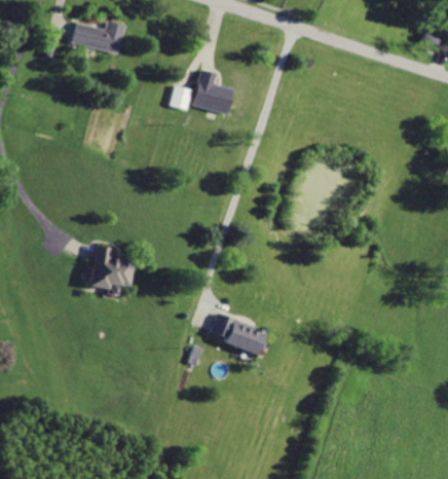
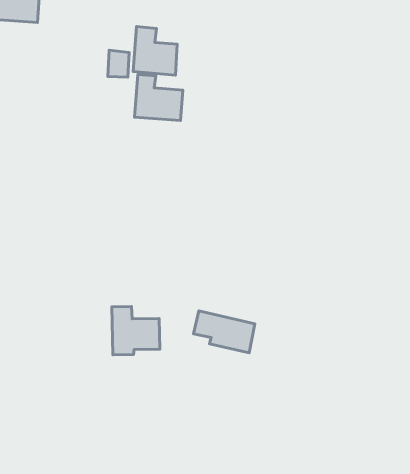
building: none -> [135,75,183,121]
building: [91,247,135,289] -> [112,307,160,355]

